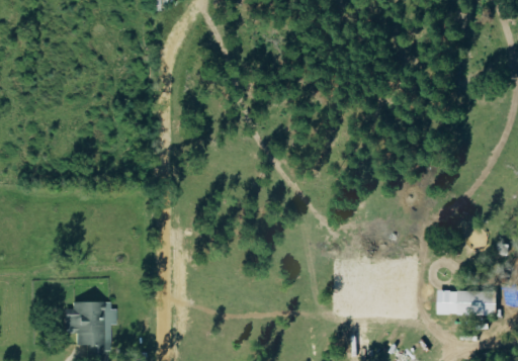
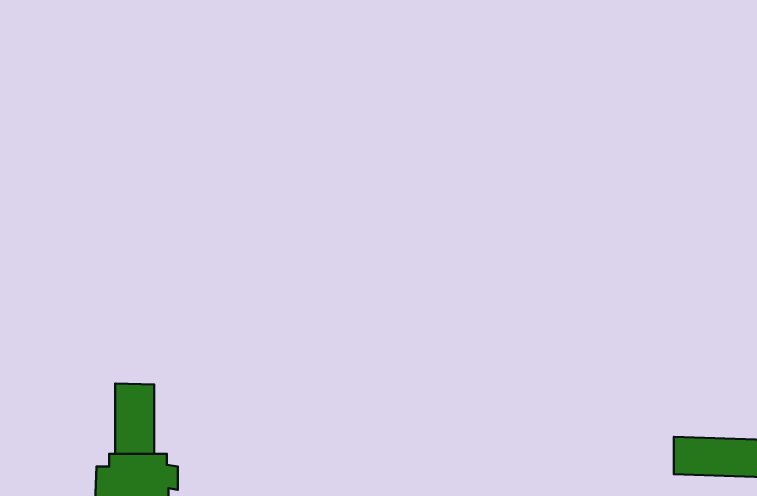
building: none -> [115,383,154,454]

